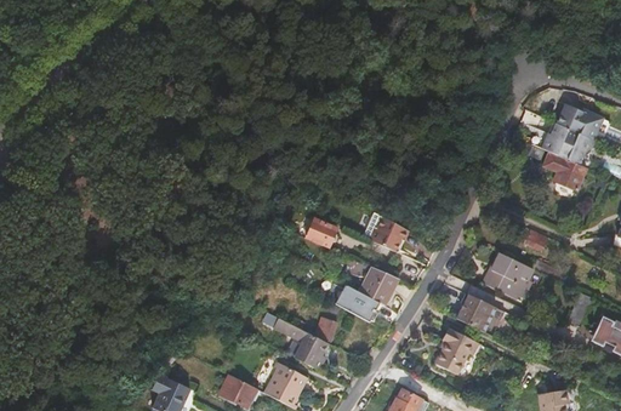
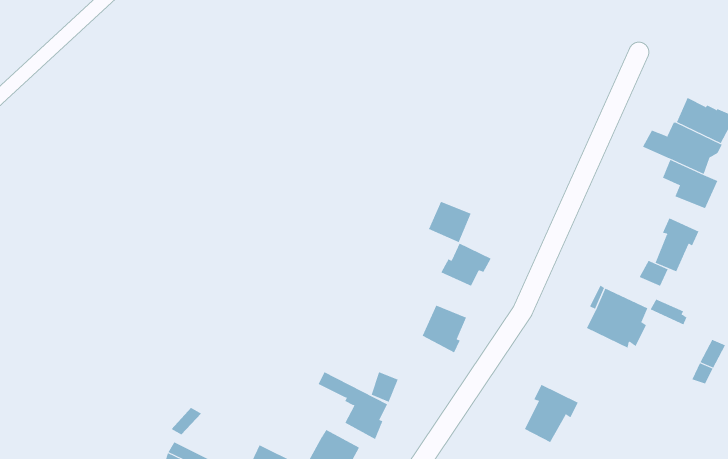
building: none -> [655,218,699,272]
building: [306,217,340,250] -> [428,201,471,243]
building: [338,286,382,320] -> none
building: [457,295,497,332] -> none

